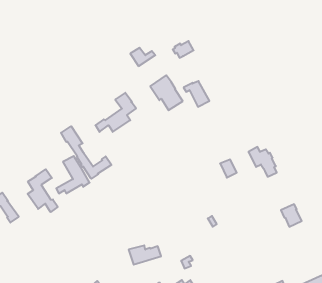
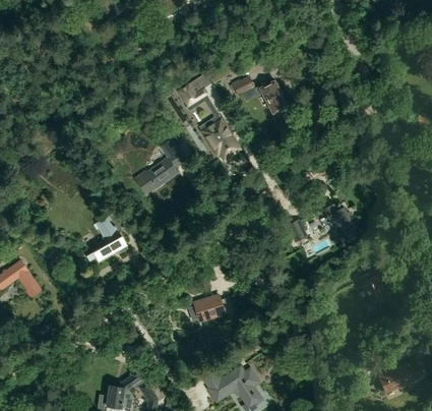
building: [184,81,209,107] -> [255,81,287,113]
building: [61,126,111,179] -> none
building: [28,169,58,212] -> none
building: [129,245,161,265] -> [193,298,233,321]

